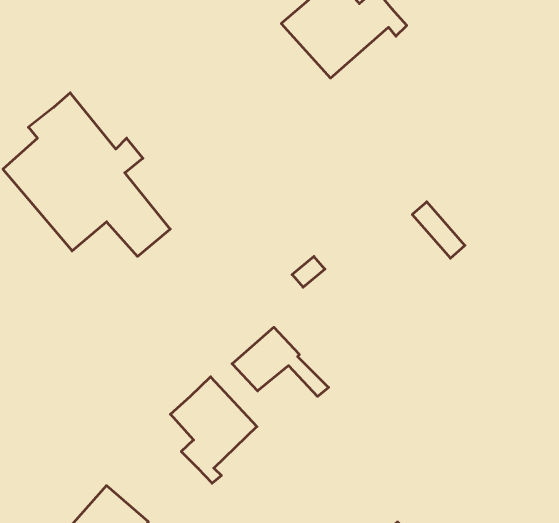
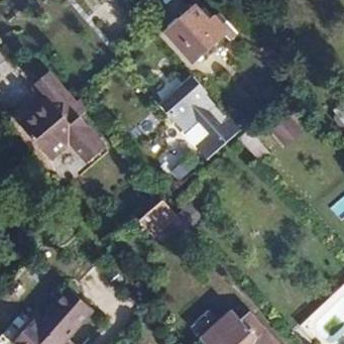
building: none -> [159,76,239,159]
building: [170,377,257,483] -> none

